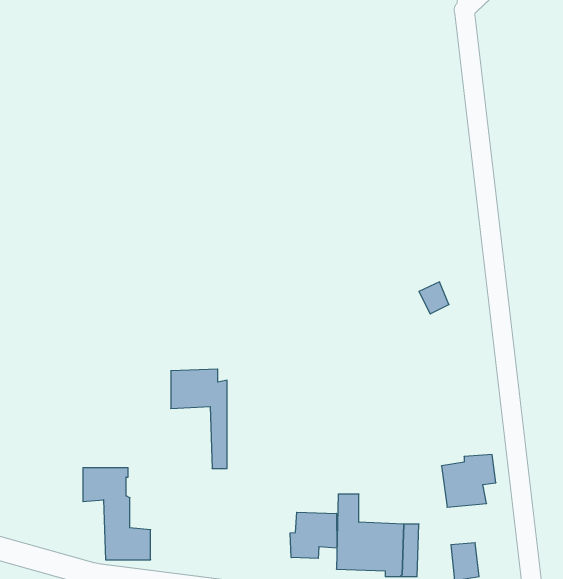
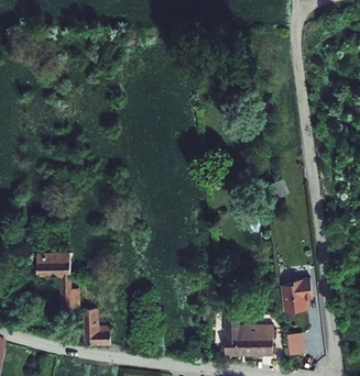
building: [171,369,227,468] -> [37,251,70,309]
building: [290,512,337,558] -> none

